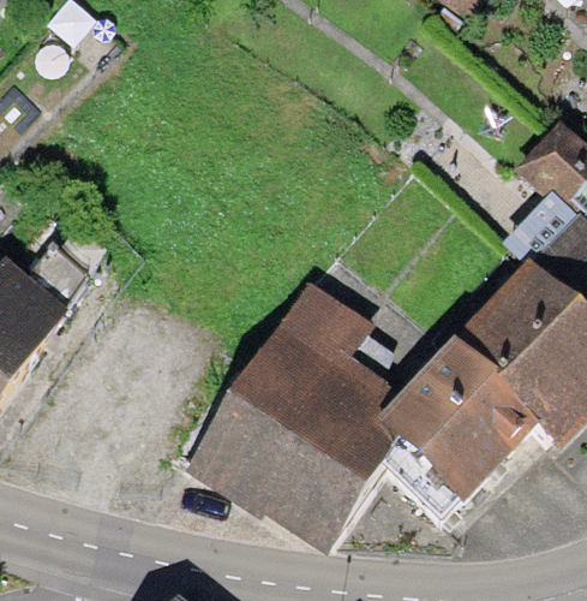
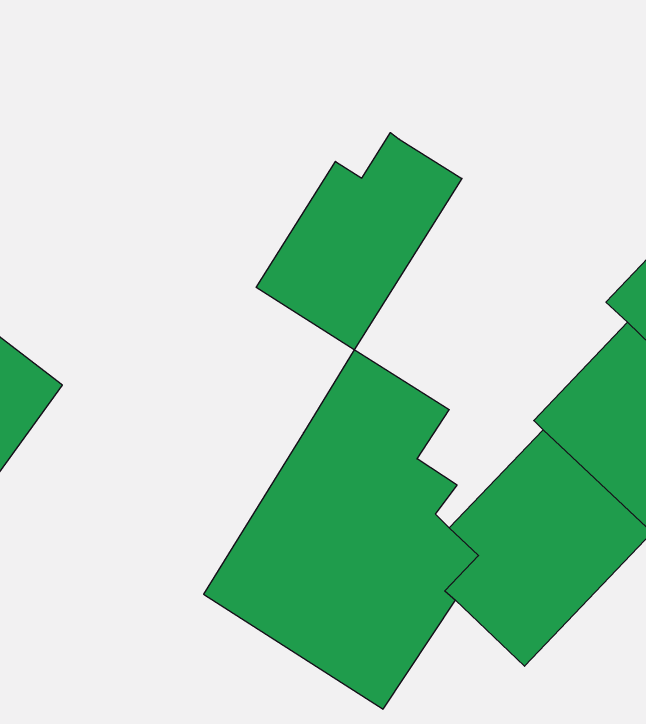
building: none -> [256,133,462,350]

